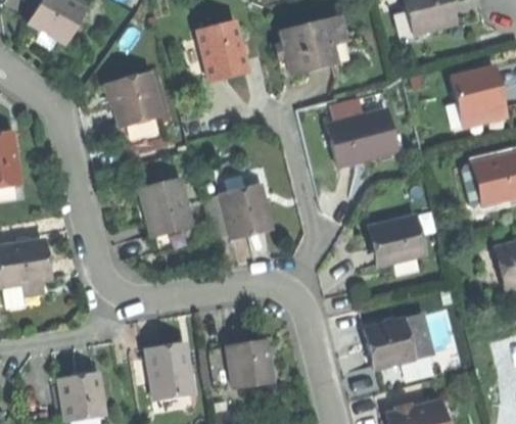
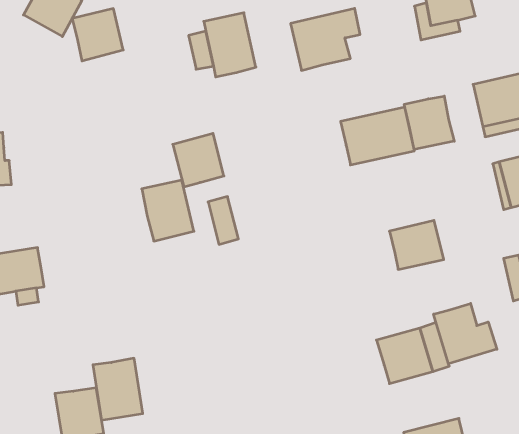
building: [111,74,159,123] -> [72,9,123,61]
building: none -> [404,96,454,149]
building: [223,182,271,232] -> [173,133,224,187]
building: none -> [434,303,497,364]
building: [228,339,273,387] -> none
building: [146,341,193,399] -> [93,358,143,420]

